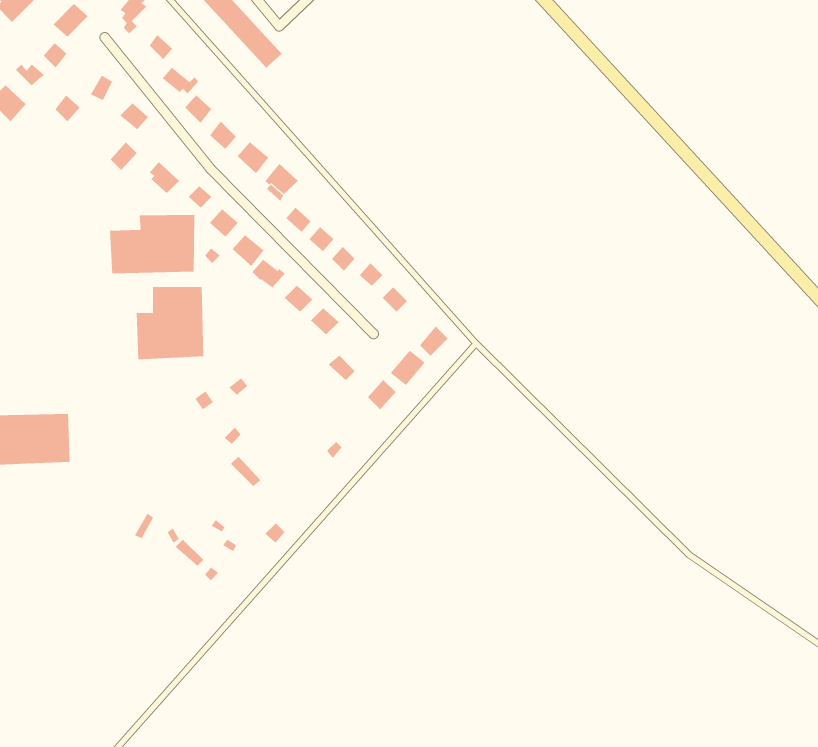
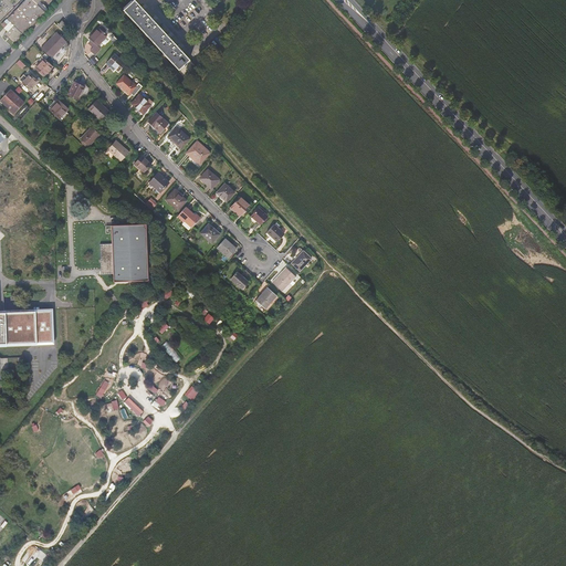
building: [109,214,195,274] -> none

